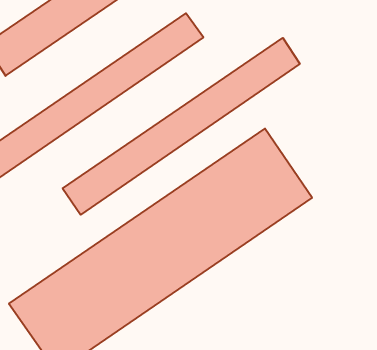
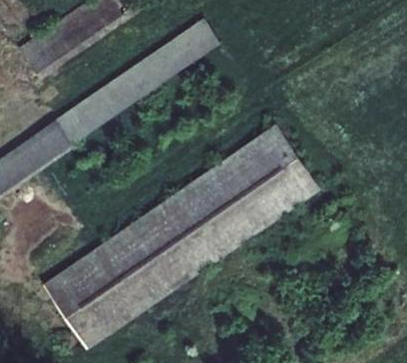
building: [63,38,300,215] -> none

